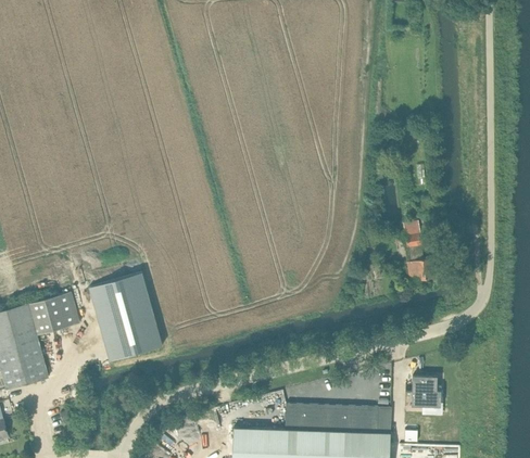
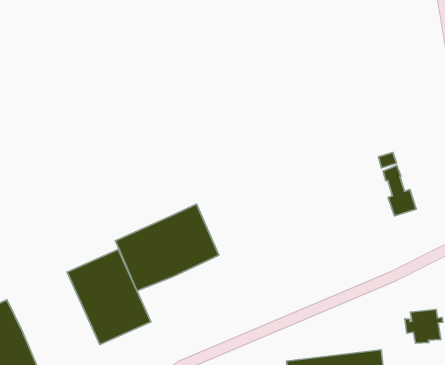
building: none -> [116,204,219,291]
building: [27,292,79,335] -> none

